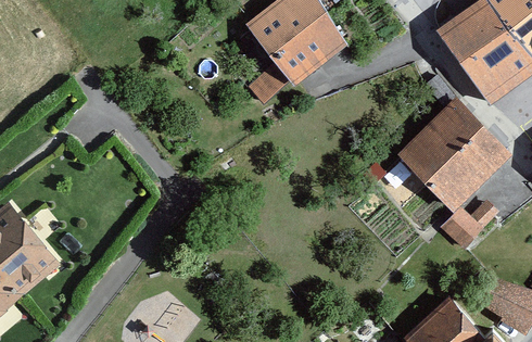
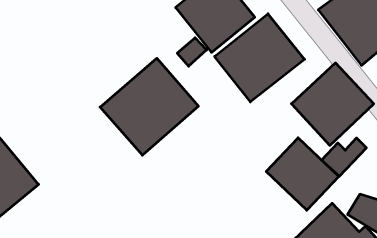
building: none -> [215,14,305,102]
building: none -> [100,58,198,155]
building: none -> [266,138,339,210]

